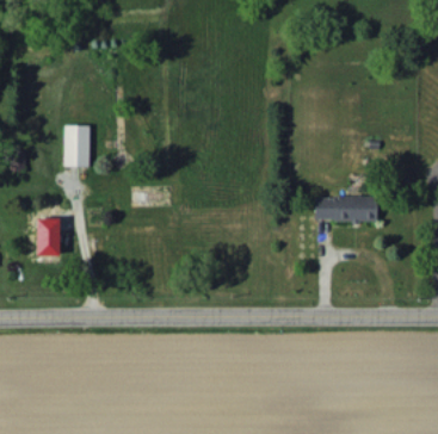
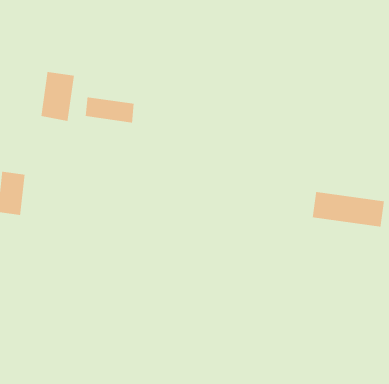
building: none -> [85,96,135,123]

